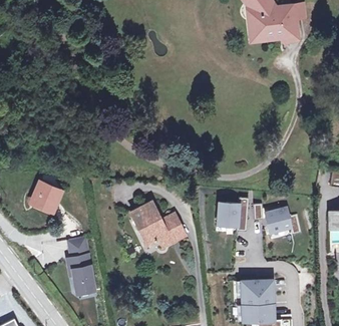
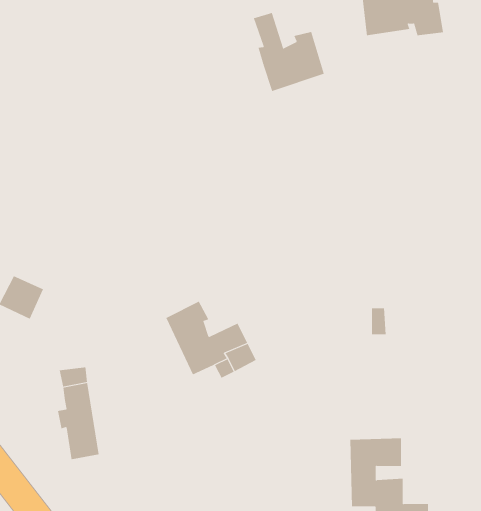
building: none -> [253,12,325,92]
building: [217,197,249,231] -> none
building: [265,207,301,235] -> none

